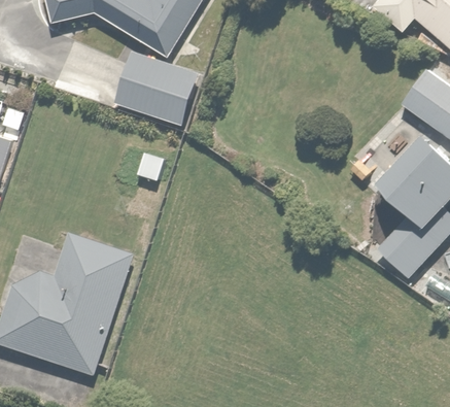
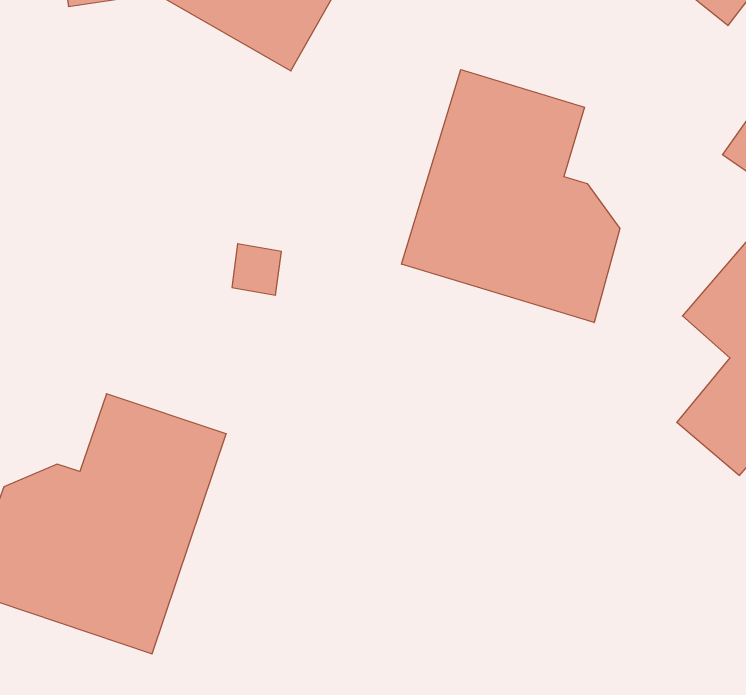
building: [115,53,199,125] -> none
building: none -> [402,70,620,323]

